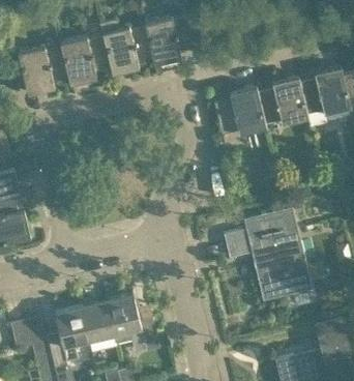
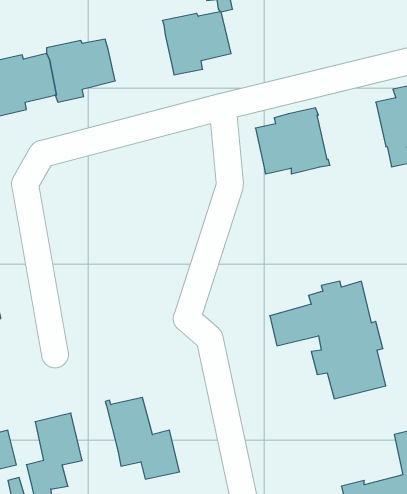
building: [105,26,154,72] -> none
building: [259,76,311,124] -> none
building: [81,301,115,341] -> none

